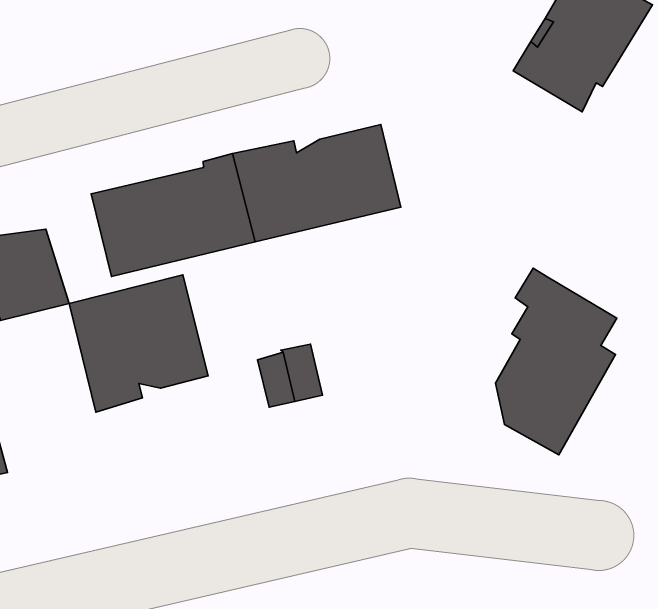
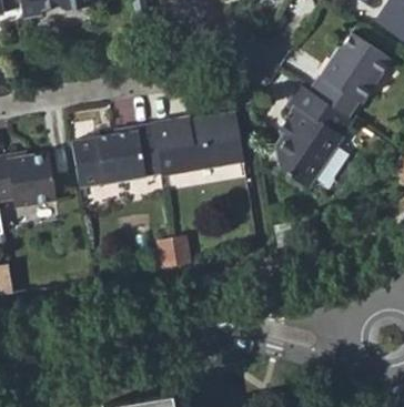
building: [495,268,617,455] -> [277,84,347,189]
building: [69,275,208,412] -> none

